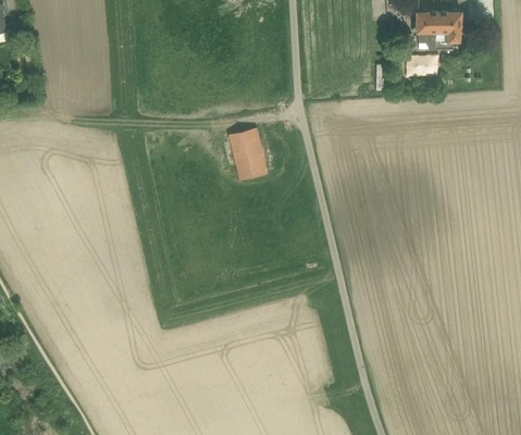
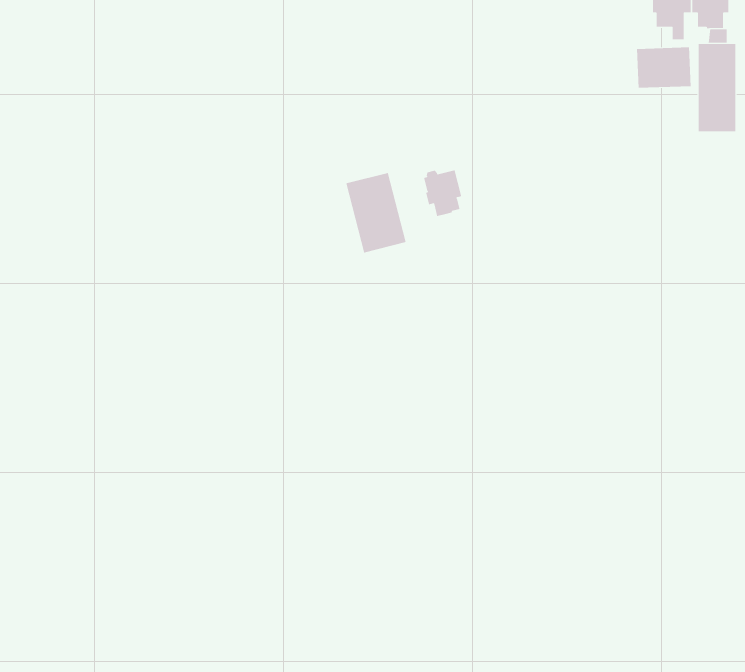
building: none -> [698,43,736,132]
building: none -> [424,169,462,217]

